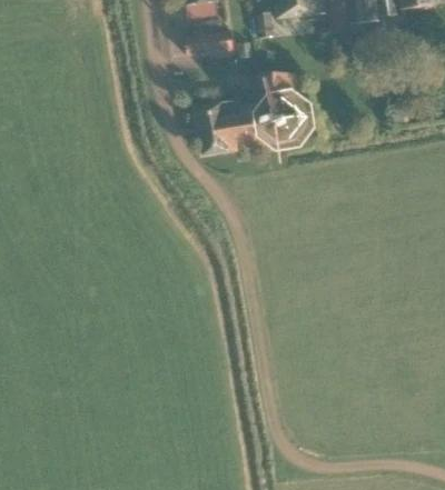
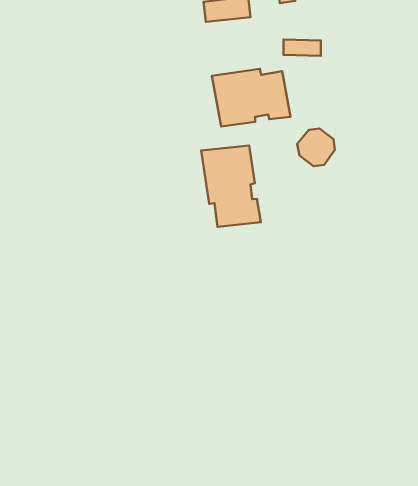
building: [280,96,316,131] -> [297,129,335,166]
building: none -> [201,146,261,227]

